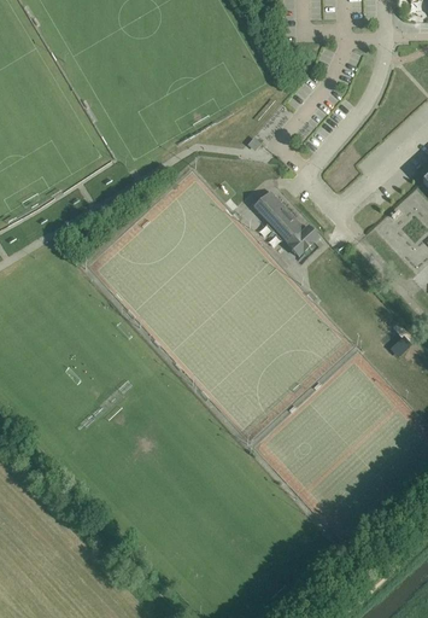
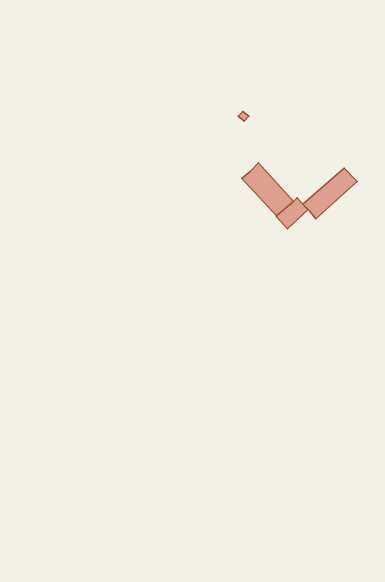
building: none -> [303,168,357,219]

